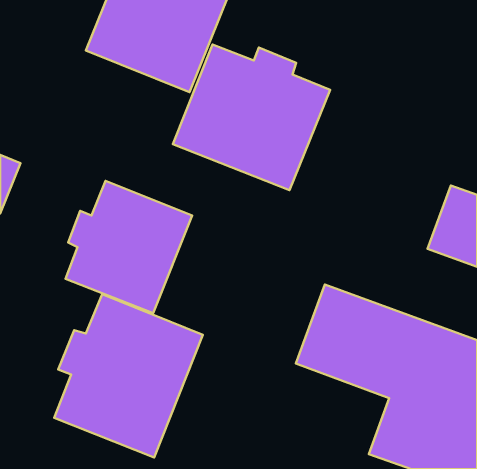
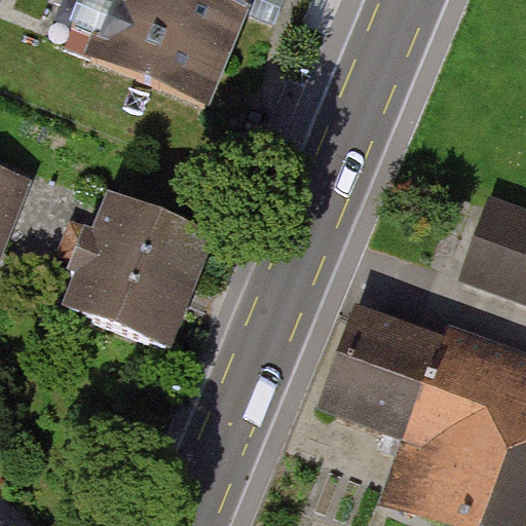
building: [173,44,330,190] -> none
building: [54,294,203,458] -> none

